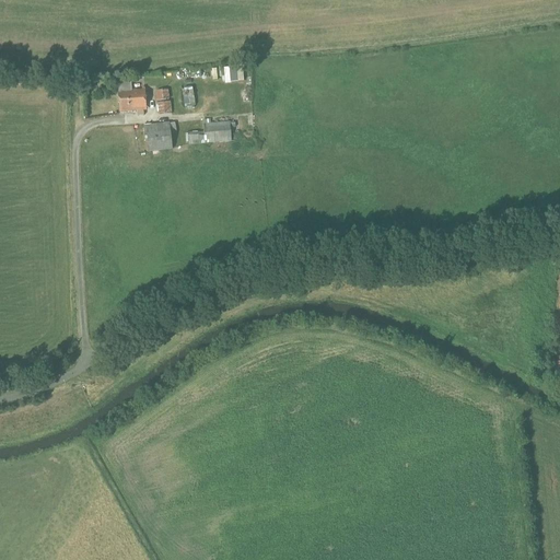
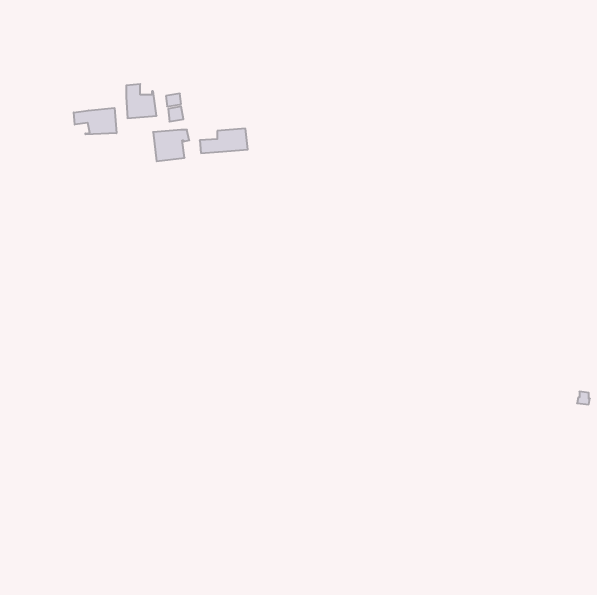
building: none -> [74,108,116,134]

